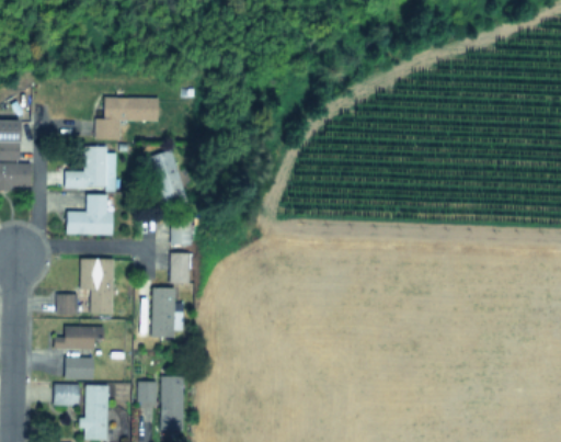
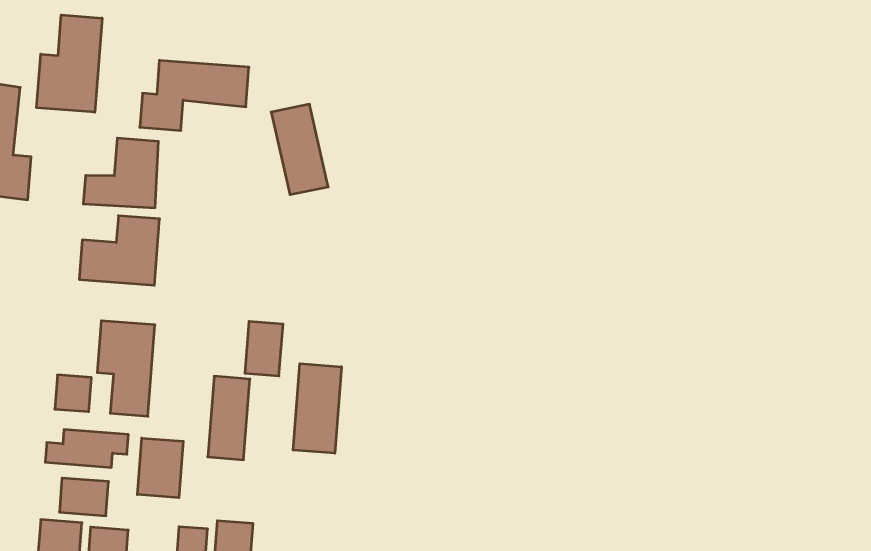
building: none -> [37,15,102,112]
building: [149,149,187,205] -> [271,104,328,195]
building: [171,219,194,246] -> none
building: none -> [293,364,341,453]
building: none -> [137,438,183,498]

